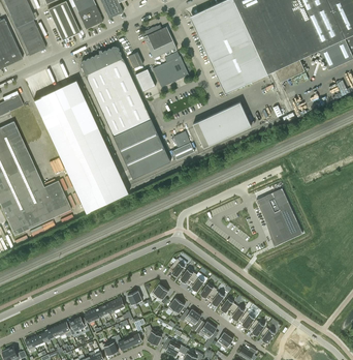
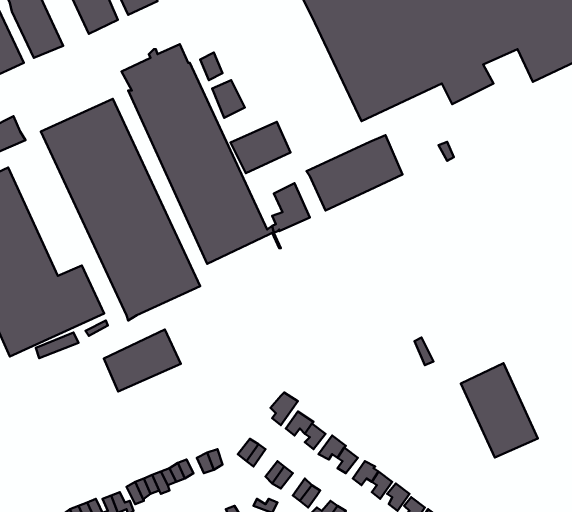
building: [141,25,175,58] -> none
building: [152,56,188,87] -> [230,122,290,173]
building: [256,187,302,244] -> [461,363,538,457]
building: none -> [104,330,181,392]

